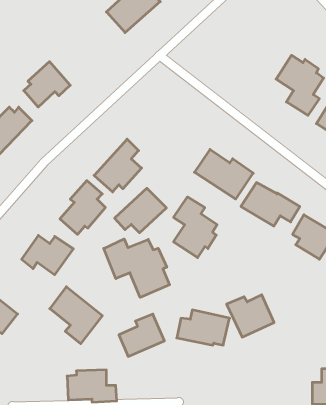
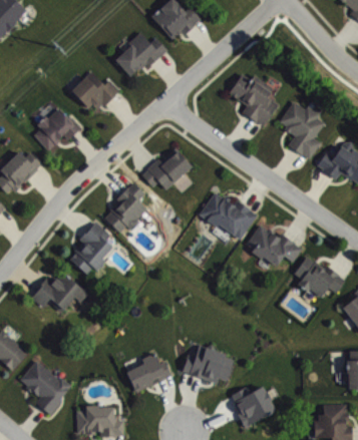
building: none -> [72,71,119,112]
building: none -> [229,73,277,125]
building: [115,188,166,233] -> [141,146,192,189]
building: [174,197,217,258] -> none
building: [104,239,170,297] -> none
building: [50,287,102,344] -> [19,359,70,414]
building: [227,295,274,337] -> [229,385,275,426]

